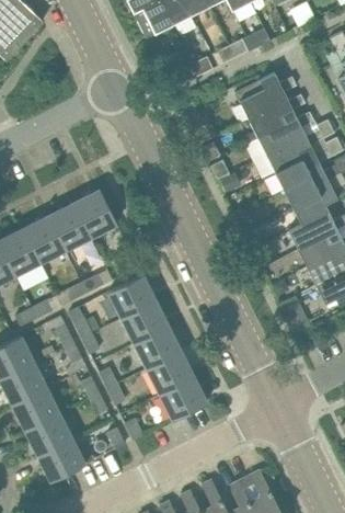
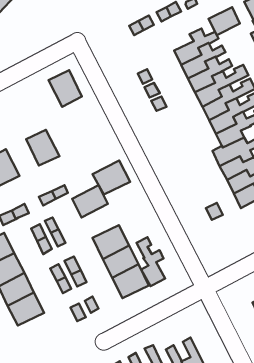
building: none -> [209,7,240,35]
building: [73,190,116,237] -> [49,70,82,107]
building: [22,215,65,262] -> none
building: [119,298,168,342] -> [93,160,130,195]
building: none -> [136,237,165,286]
building: [37,438,84,481] -> none

